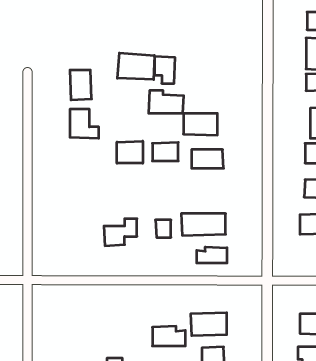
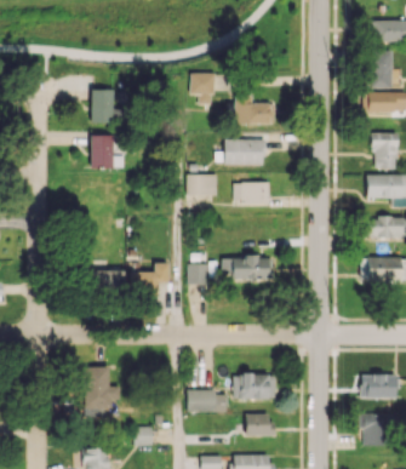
building: [117,53,154,80] -> none
building: [149,91,184,113] -> [235,97,276,124]
building: [117,141,143,163] -> none
building: none -> [85,269,125,294]
building: [197,247,227,263] -> none
building: none -> [84,366,119,416]

